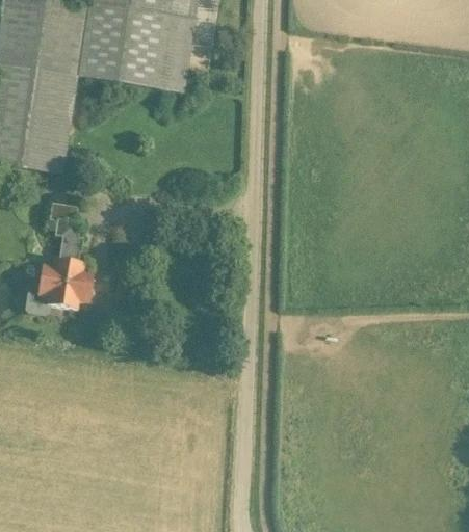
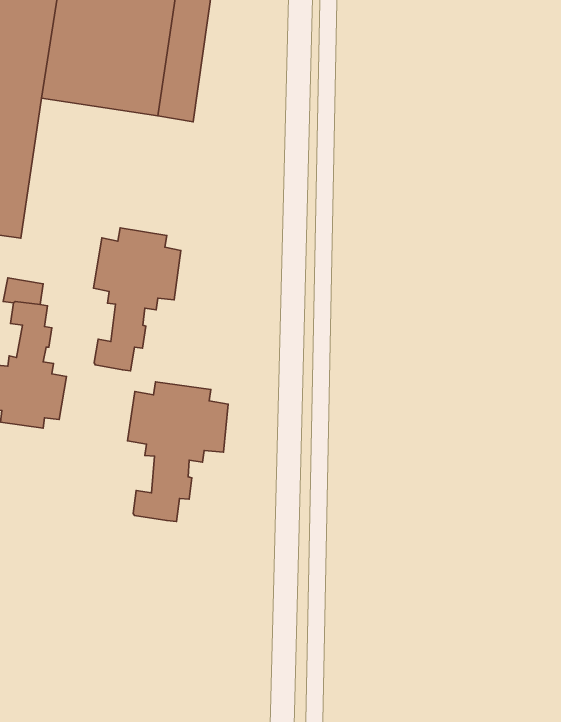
building: none -> [93,228,181,371]
building: none -> [128,382,228,521]

